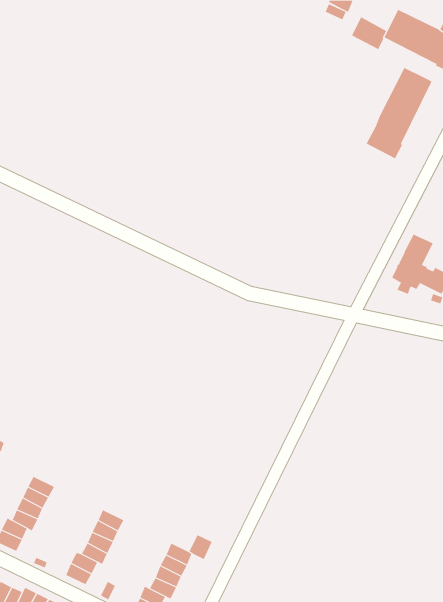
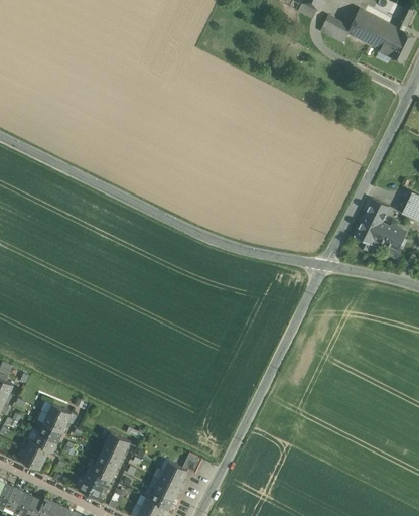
building: [366,67,433,159] -> none

